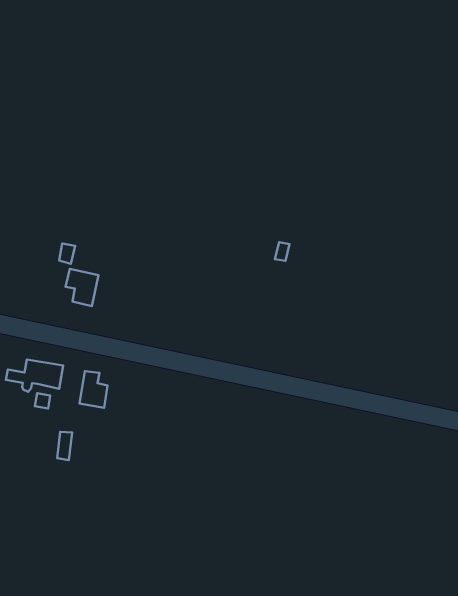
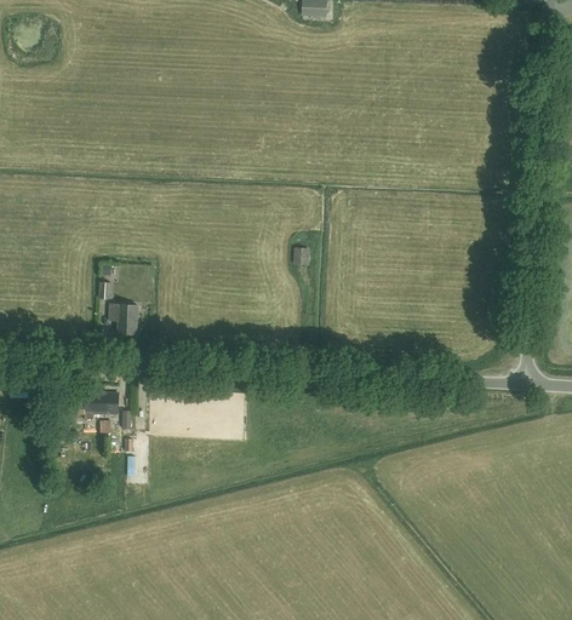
building: [79,371,108,408] -> none

